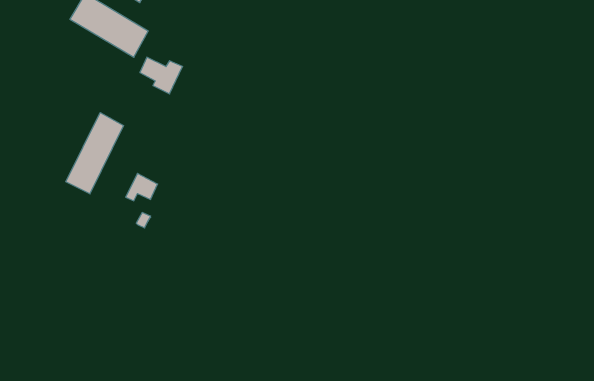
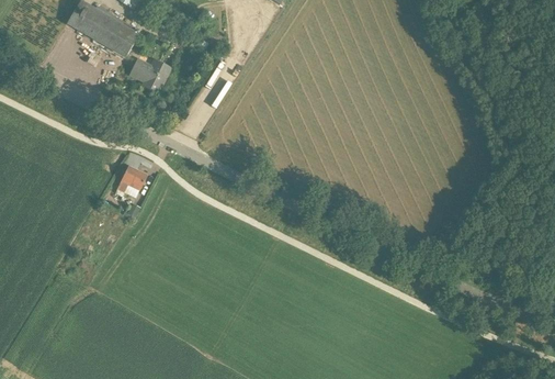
building: [66,113,124,194] -> none

